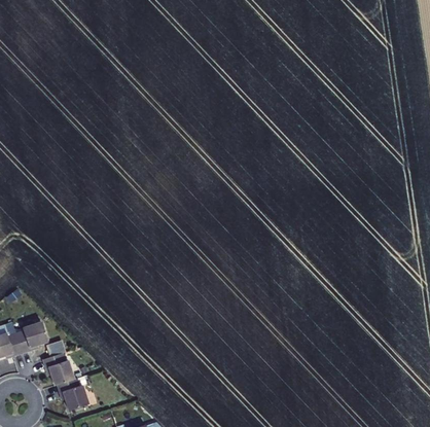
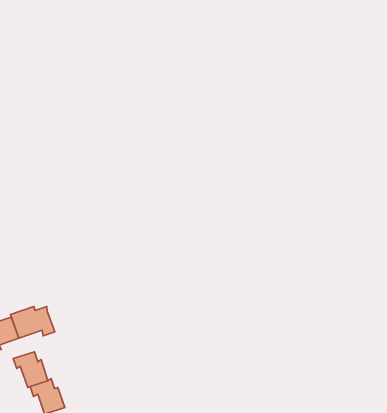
building: none -> [11,306,55,338]

